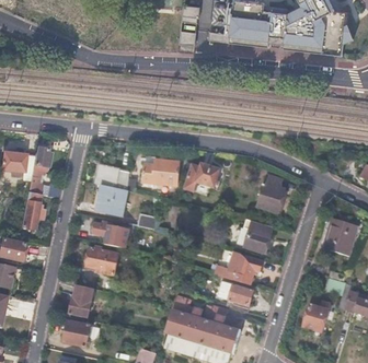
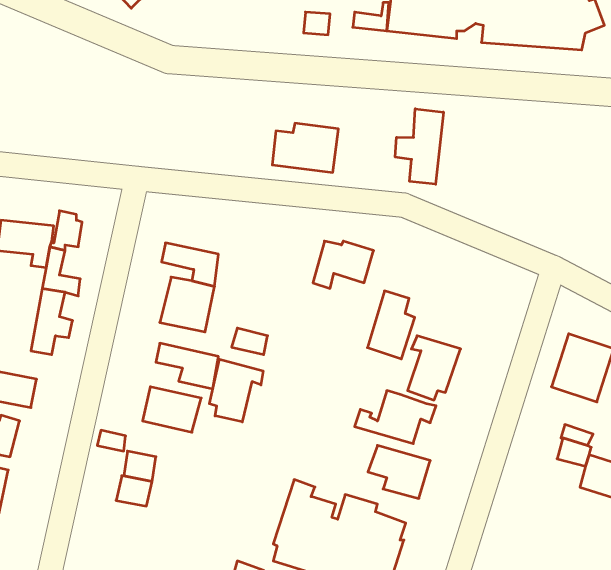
building: none -> [395,109,443,184]
building: [141,157,180,186] -> [272,123,338,172]
building: [254,174,281,213] -> [367,291,415,359]
building: none -> [209,359,263,422]
building: [303,300,330,331] -> none
building: [64,315,91,347] -> none

